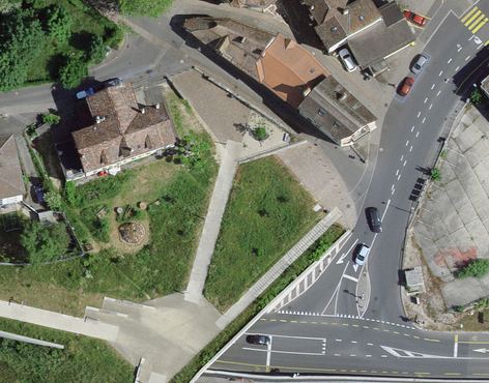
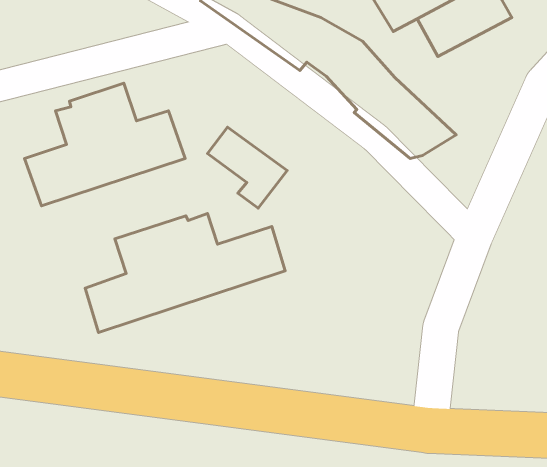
building: none -> [208,127,287,208]
building: none -> [85,213,285,332]

